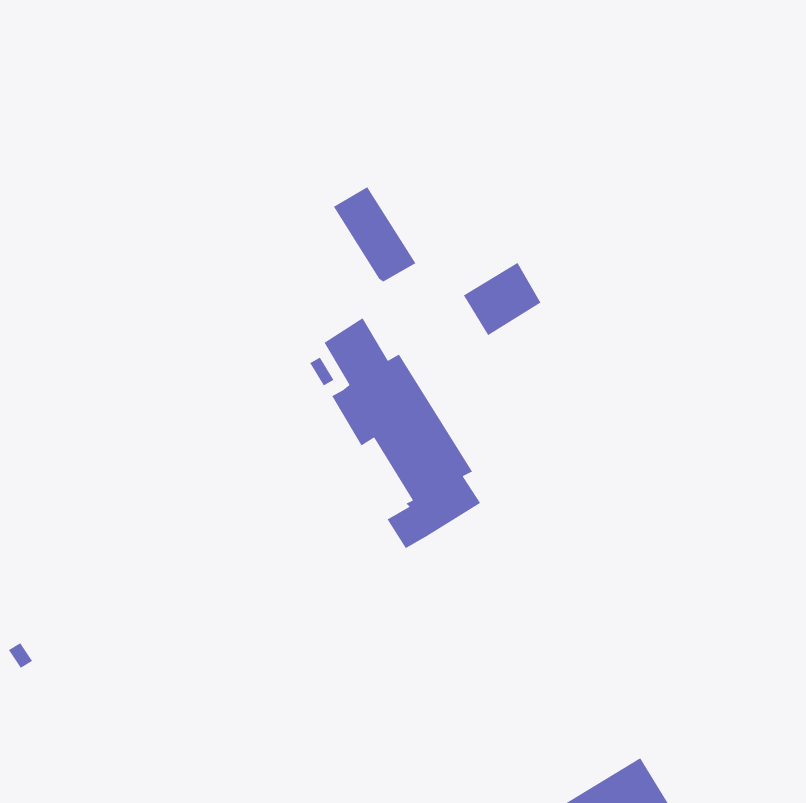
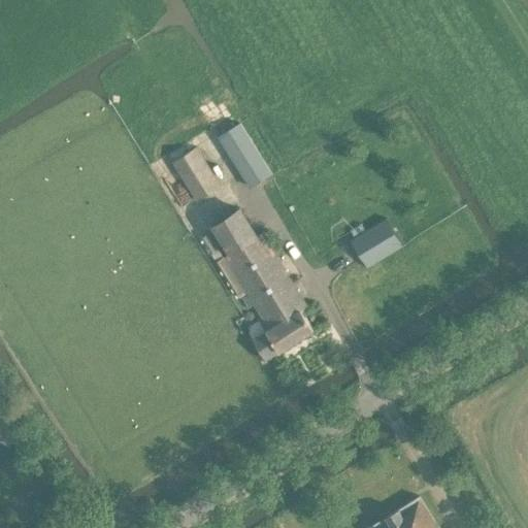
building: none -> [172,148,220,202]
building: [463,262,542,336] -> [349,220,400,268]

